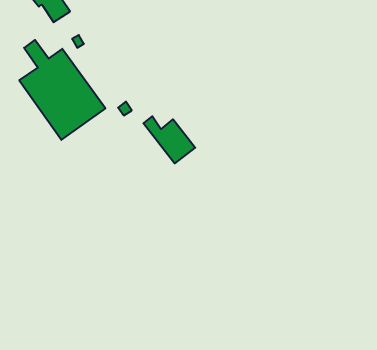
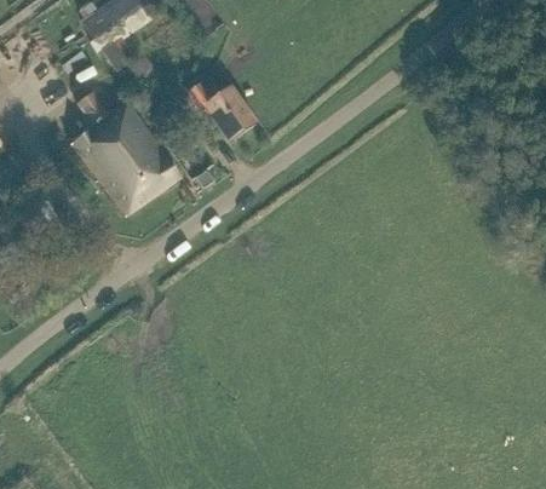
building: [143,116,195,163] -> [189,81,253,139]

